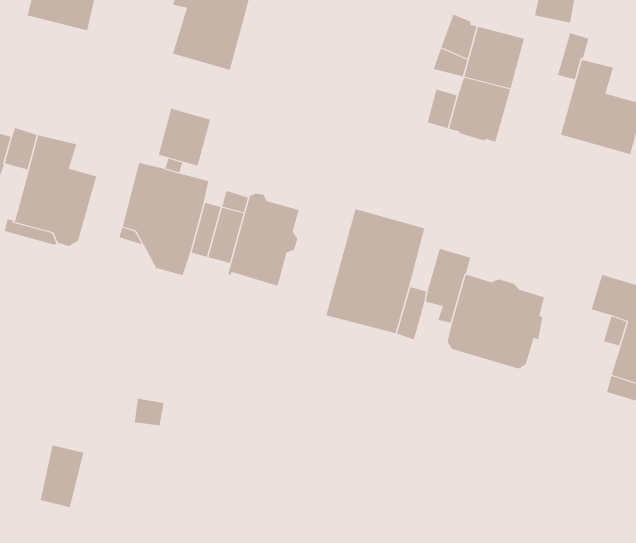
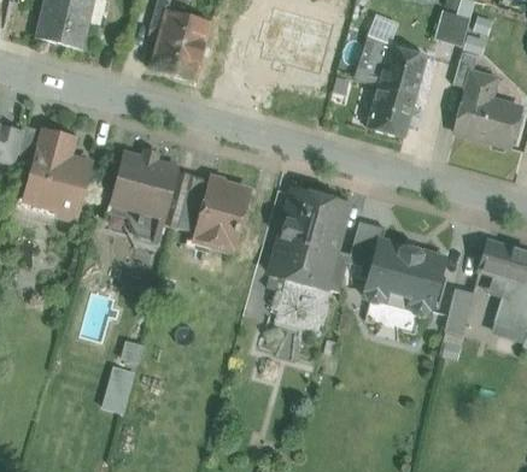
building: [158,108,211,167] -> none
building: none -> [444,288,474,335]
building: [40,445,84,508] -> [101,364,136,413]

